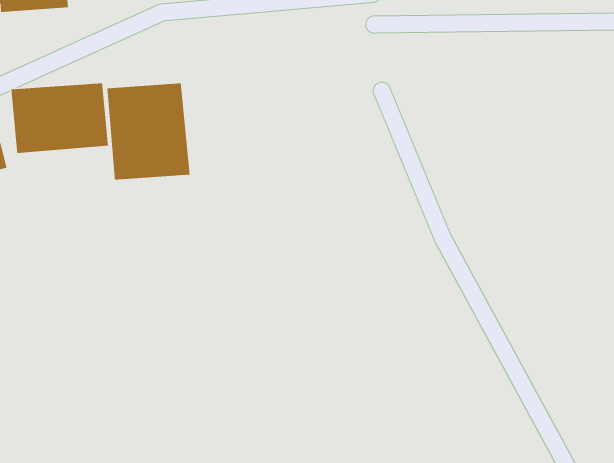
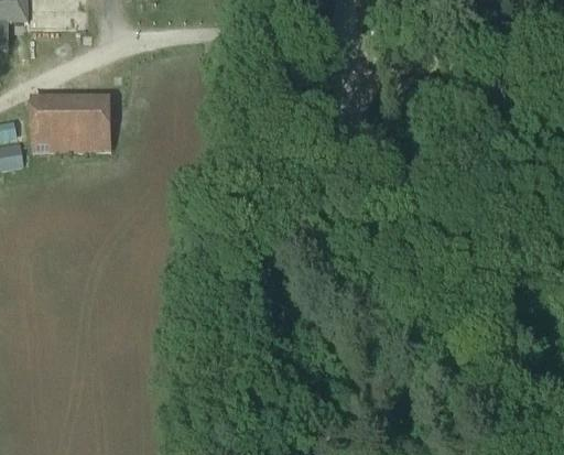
building: [107,83,190,181] -> none

